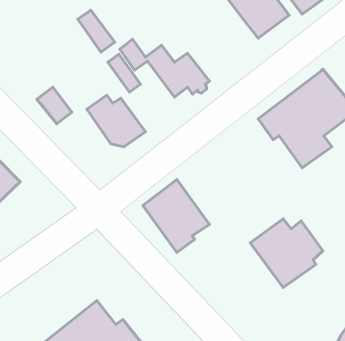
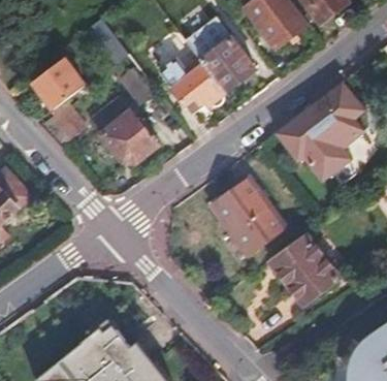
building: none -> [183,17,256,94]
building: none -> [32,60,82,109]
building: [143,180,210,252] -> [214,179,283,254]

